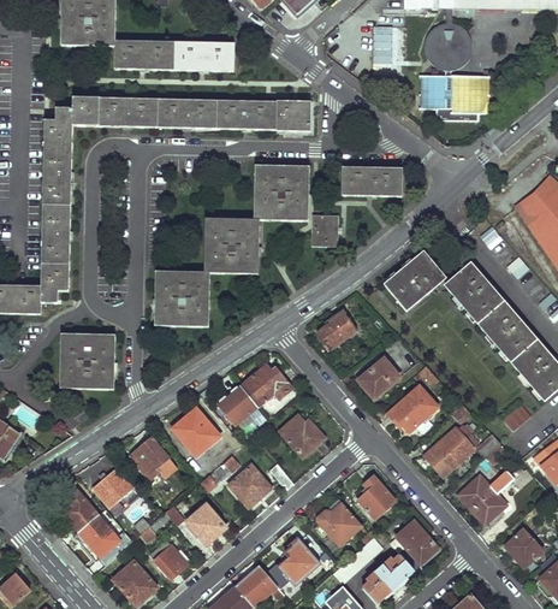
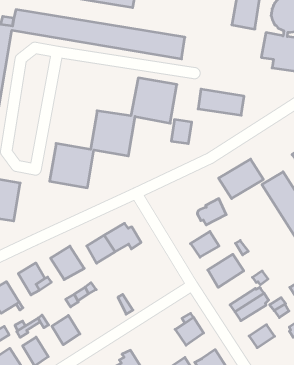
building: [315,311,355,349] -> [197,199,226,225]
building: [278,412,322,456] -> none
building: [228,463,271,507] -> none
building: [470,490,505,524] -> none
building: [317,503,362,544] -> none

